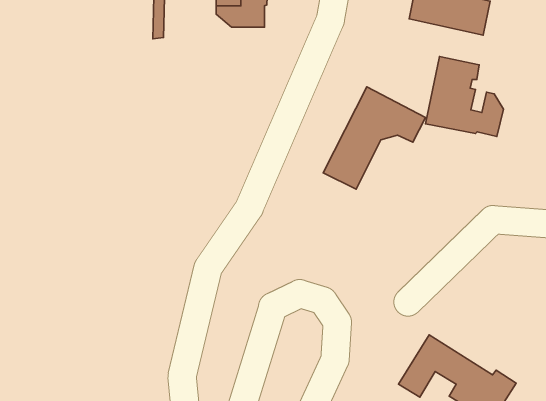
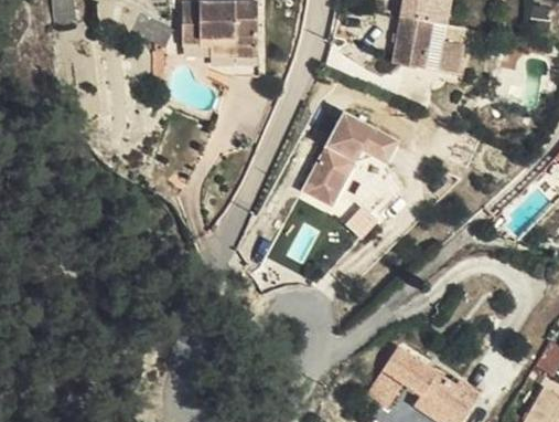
building: [426,57,503,136] -> none

